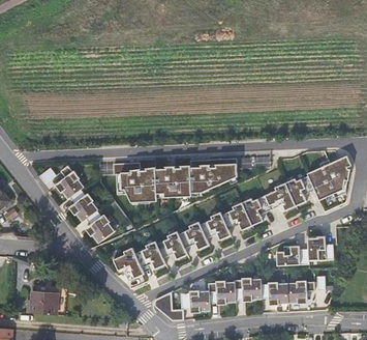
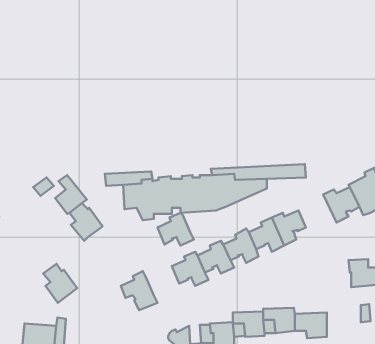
building: [265,182,297,211] -> none
building: [86,210,115,244] -> [43,264,77,303]
building: [135,242,166,270] -> [157,213,194,246]
building: [277,246,309,266] -> none
building: [288,282,315,304] -> none

